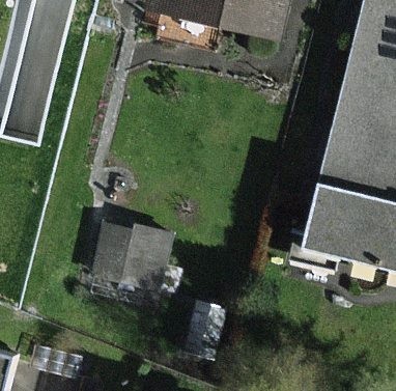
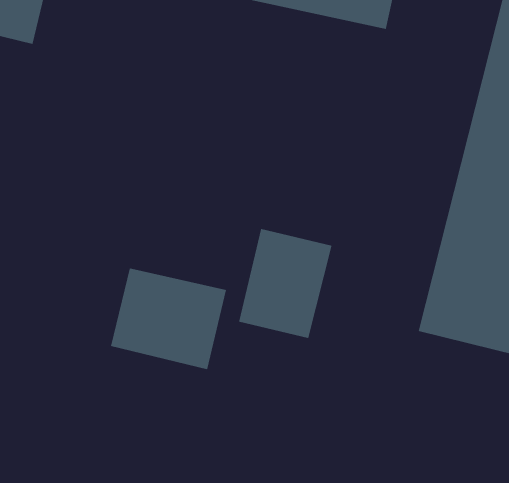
building: none -> [238,228,332,339]

